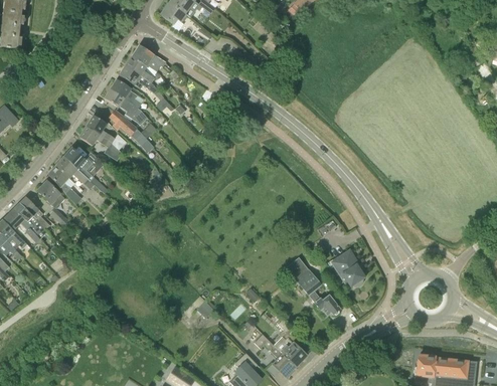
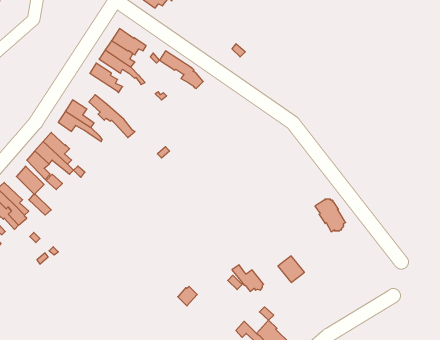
building: [104,88,147,126] -> [159,51,203,89]
building: [334,254,364,286] -> [315,199,346,232]
building: [308,290,339,316] -> [232,265,264,291]

